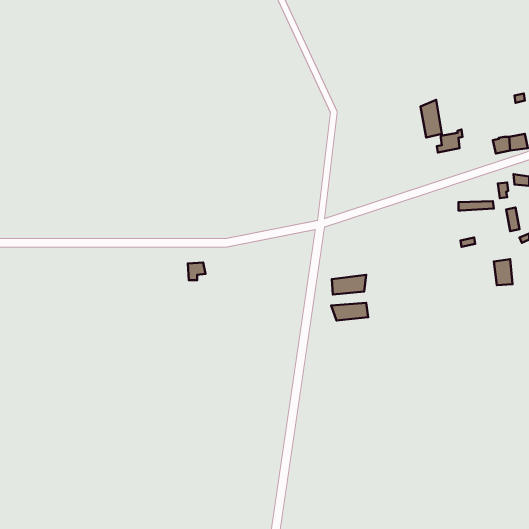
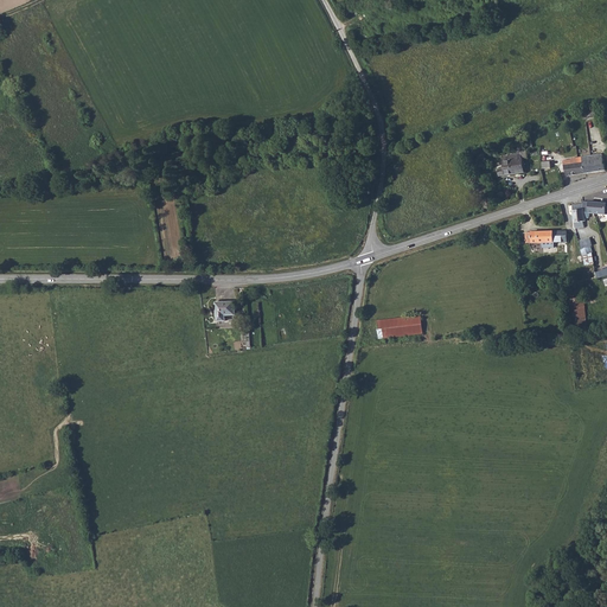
building: [420,100,442,137] -> none
building: [331,303,368,320] -> none

